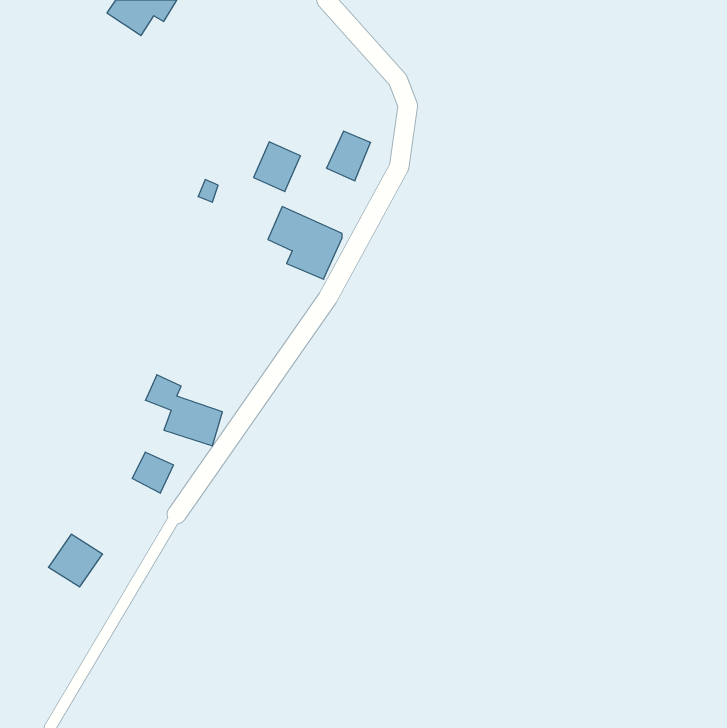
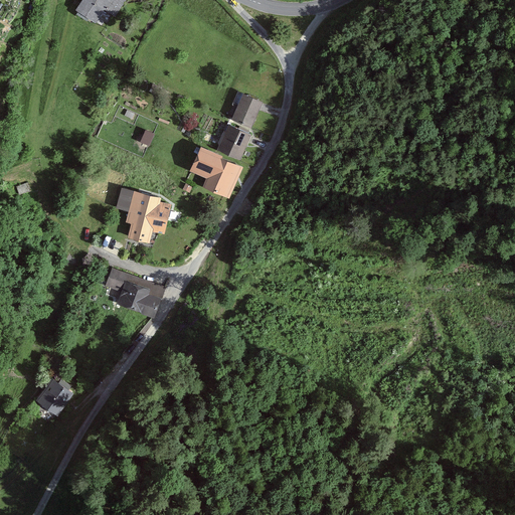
building: [254,142,301,192] -> [216,124,249,159]
building: none -> [115,185,170,242]
building: [132,452,174,493] -> none

